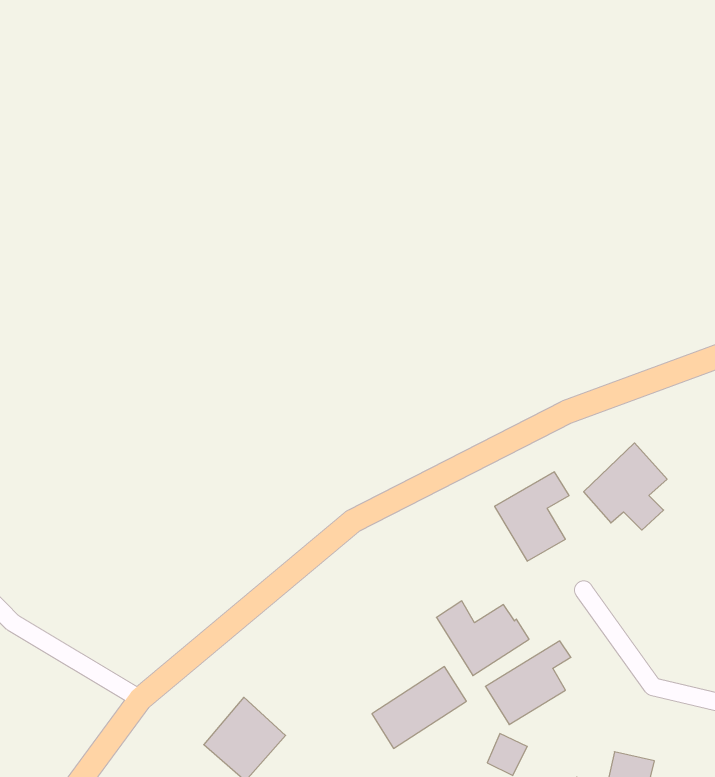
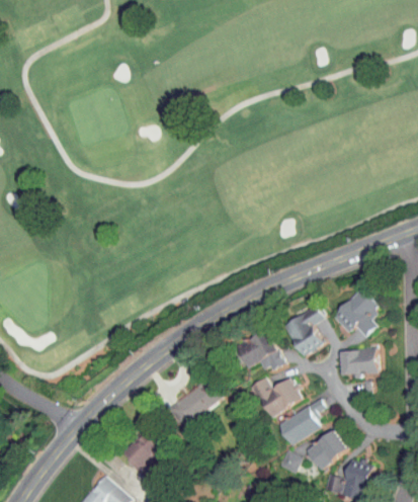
building: none -> [235,329,282,371]
building: none -> [340,348,377,375]
building: [372,667,466,748] -> [167,381,220,426]
building: none -> [305,429,347,470]

